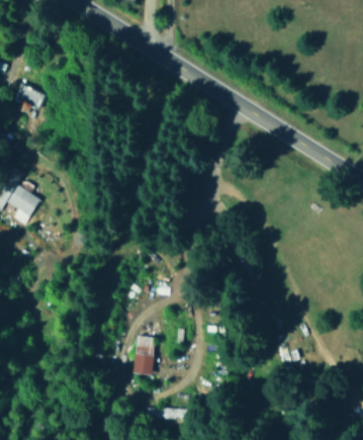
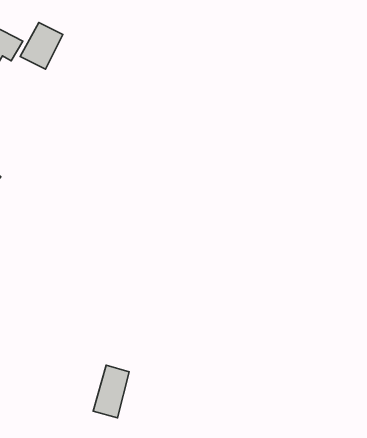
building: none -> [20,22,63,69]

